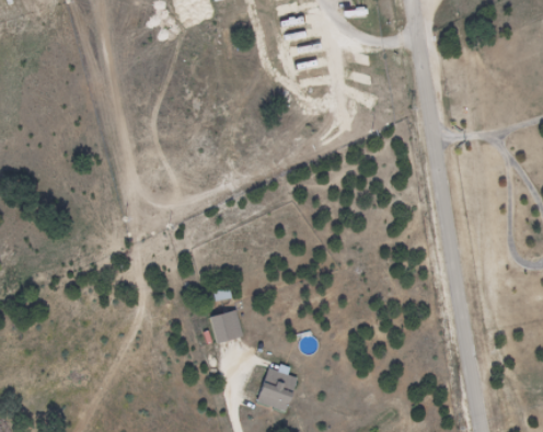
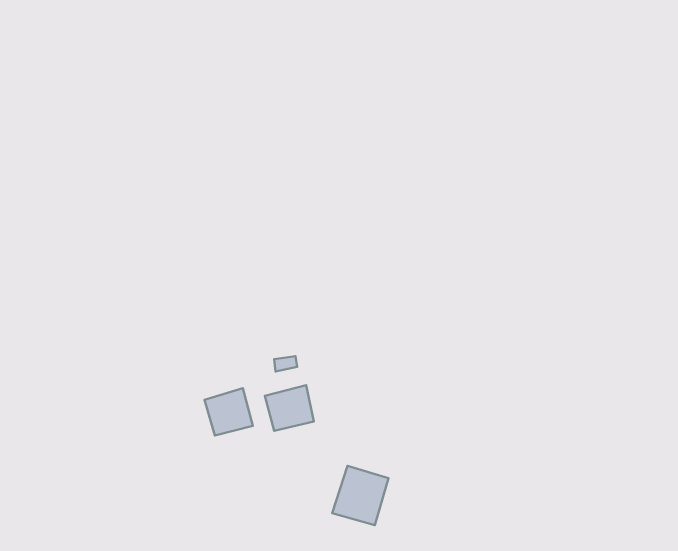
building: none -> [204,388,253,436]

